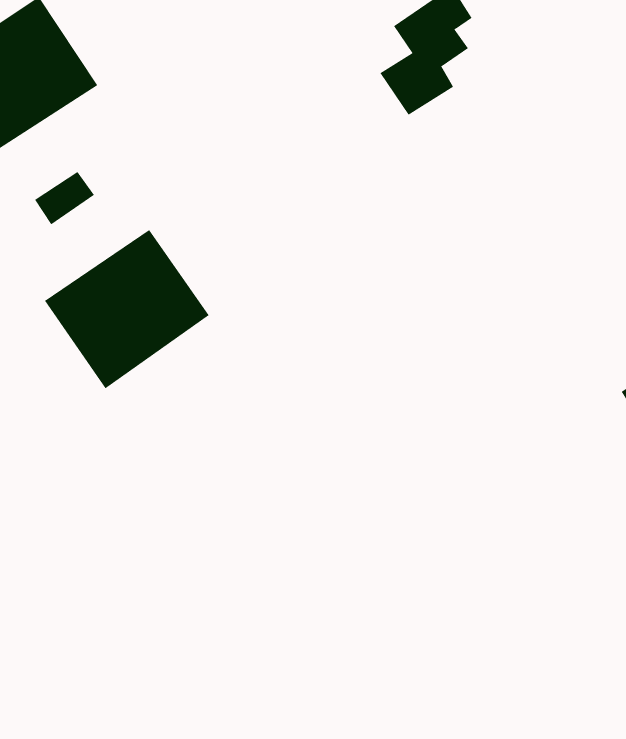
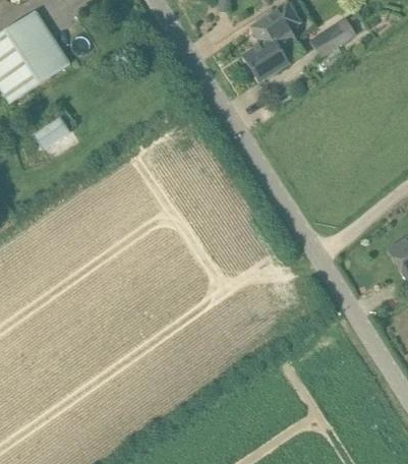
building: none -> [311,18,357,57]
building: [44,229,209,389] -> none

